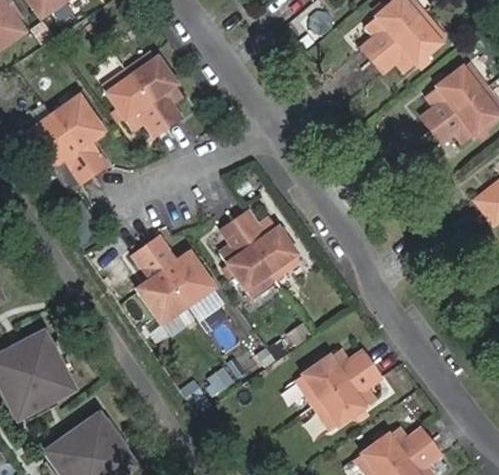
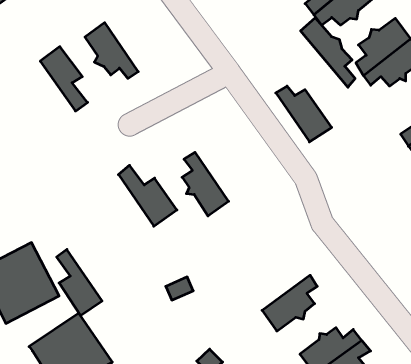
building: [130,54,185,127] -> none
building: none -> [301,18,355,87]
building: [29,115,96,184] -> none
building: [235,213,300,278] -> [276,86,332,142]
building: [134,247,187,324] -> [57,249,102,316]
building: [296,351,369,405] -> none

